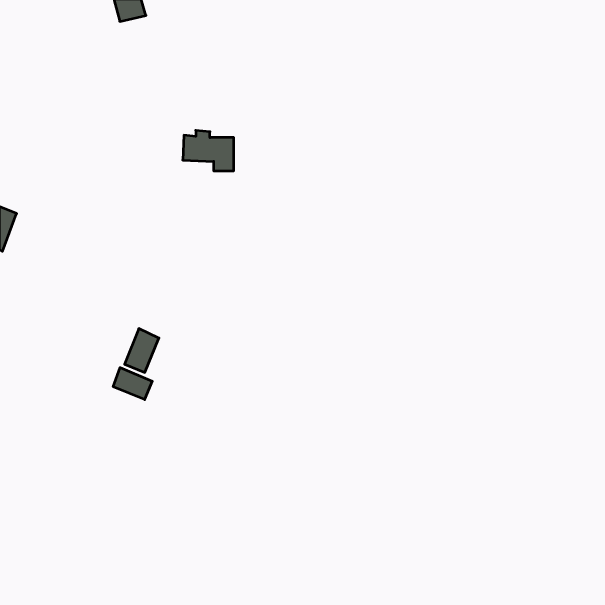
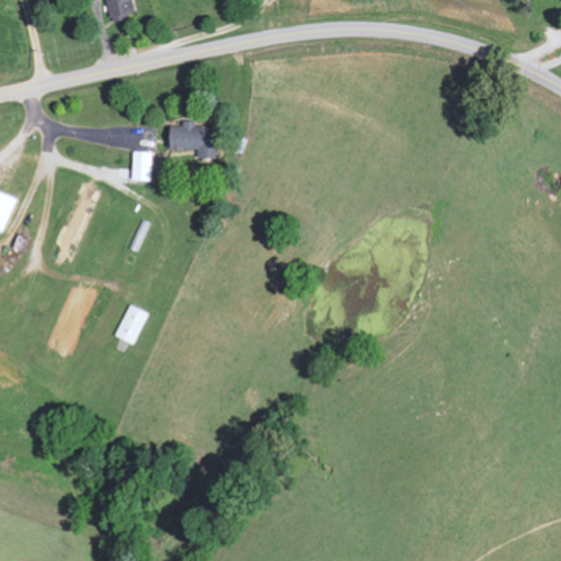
building: none -> [131,151,151,181]
building: [113,368,152,400] -> none

